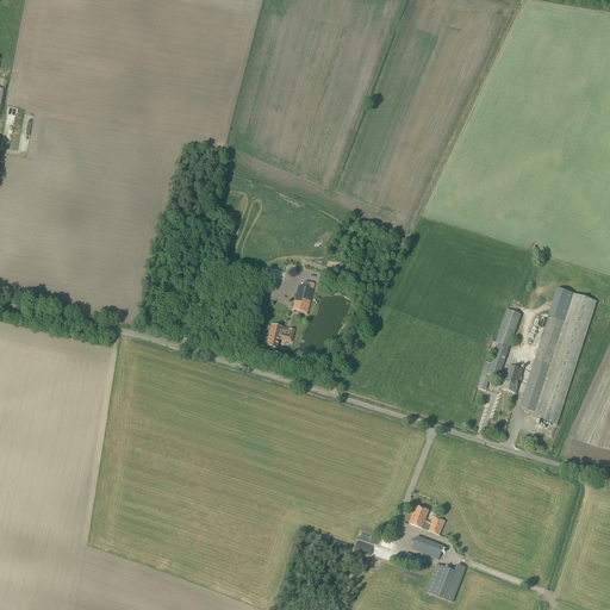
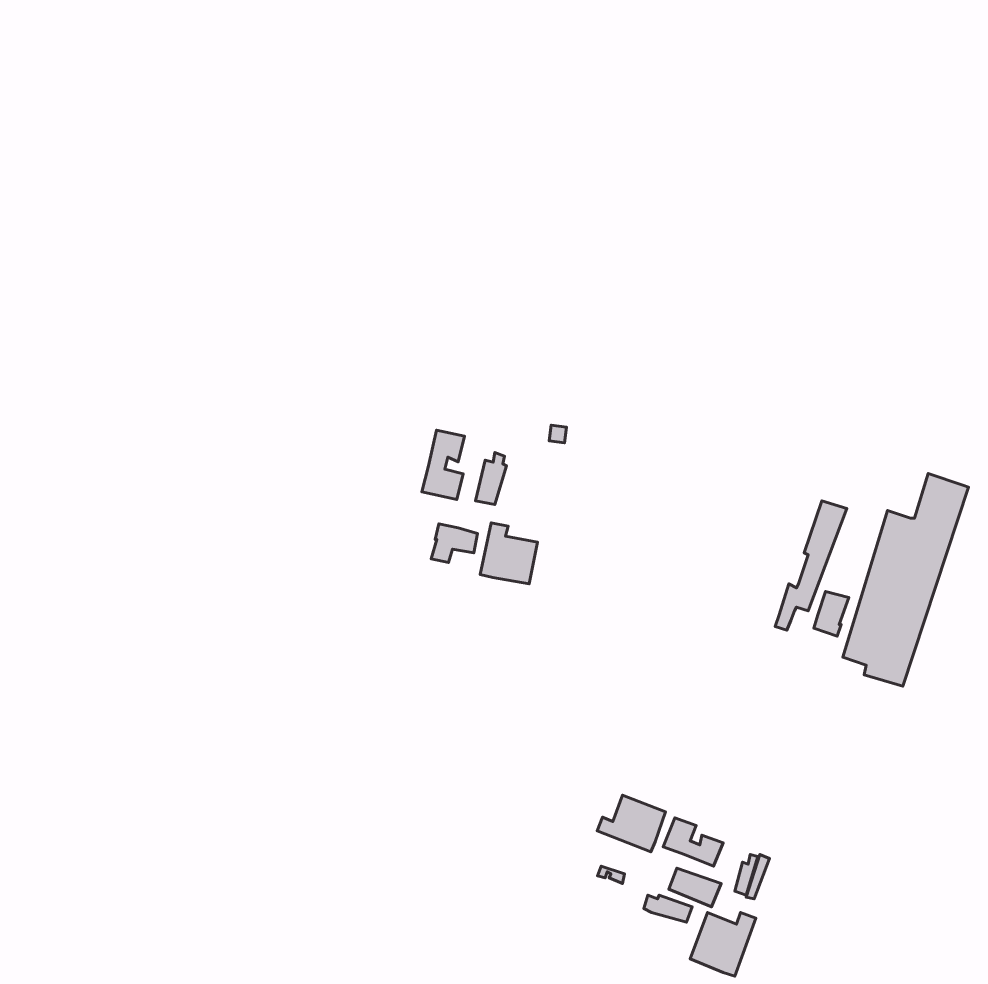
building: none -> [422,430,465,500]
building: none -> [480,523,538,584]
building: none -> [597,795,666,852]

